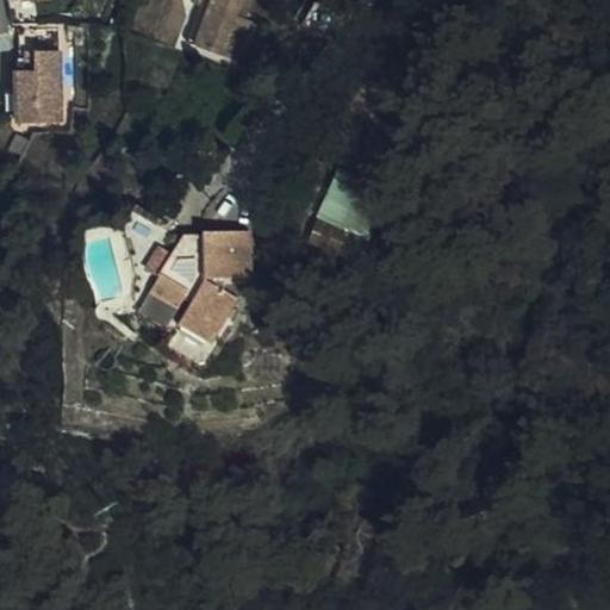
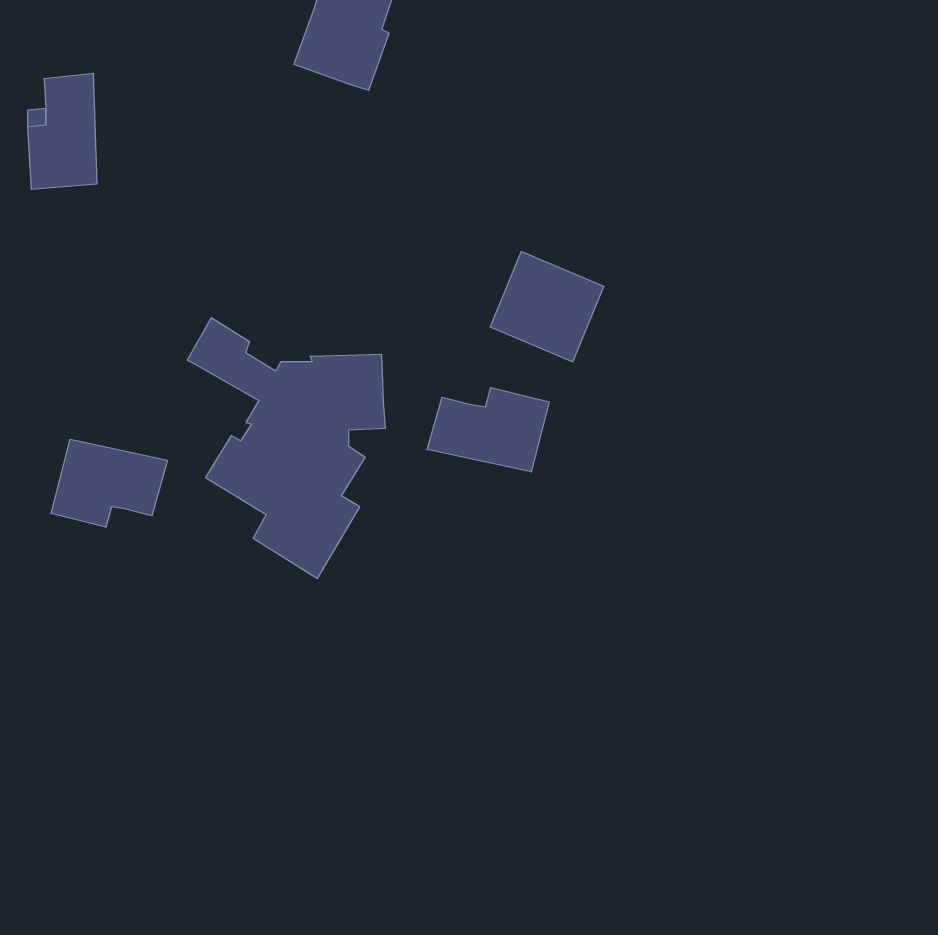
building: none -> [427,388,549,472]
building: none -> [51,439,167,527]

